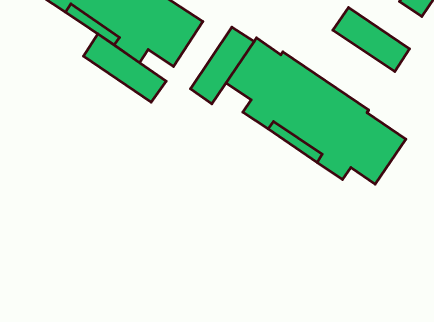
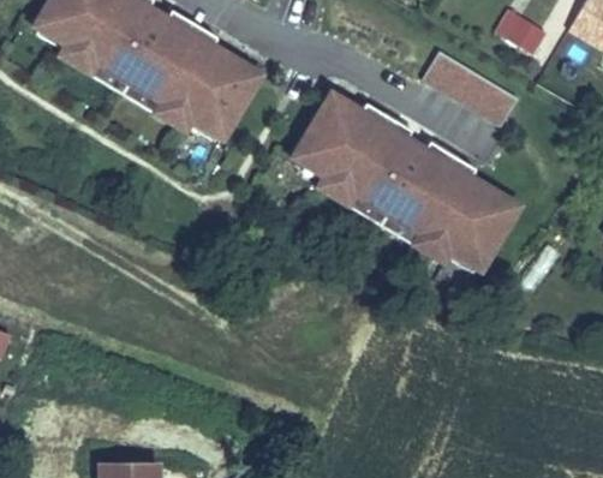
building: [190,27,254,104] -> none
building: [84,34,166,102] -> none

